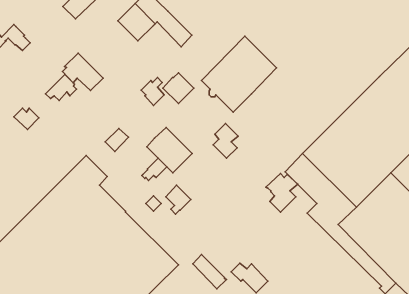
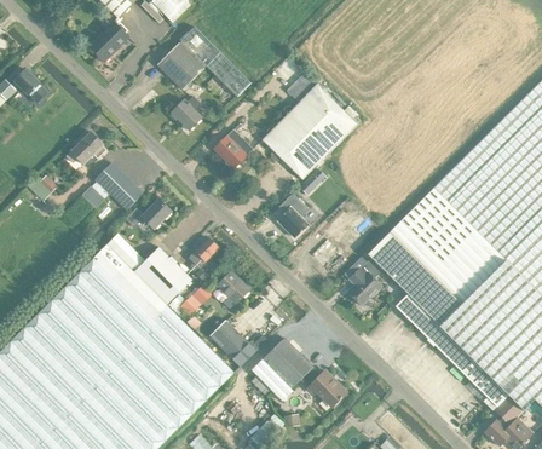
building: [63,53,103,91] -> [92,162,143,209]
building: [141,78,164,106] -> [173,96,202,131]
building: [147,128,192,173] -> [134,247,191,304]
building: none -> [211,320,255,367]
building: none -> [263,338,313,387]

